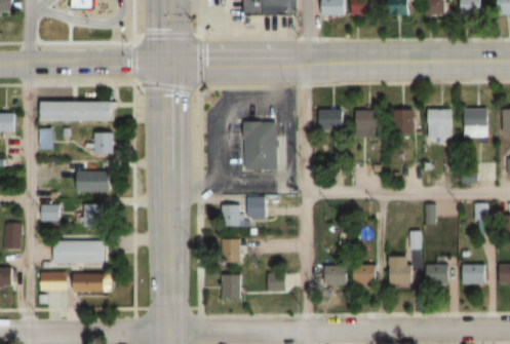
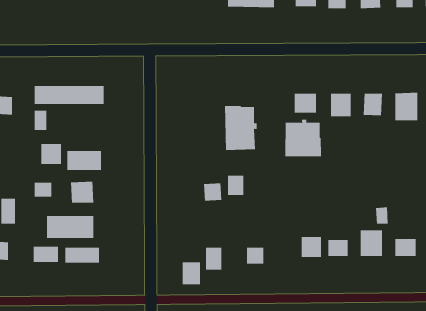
building: [86,132,109,155] -> [41,144,62,165]
building: none -> [285,119,321,157]
building: [221,239,241,264] -> [182,262,201,285]

